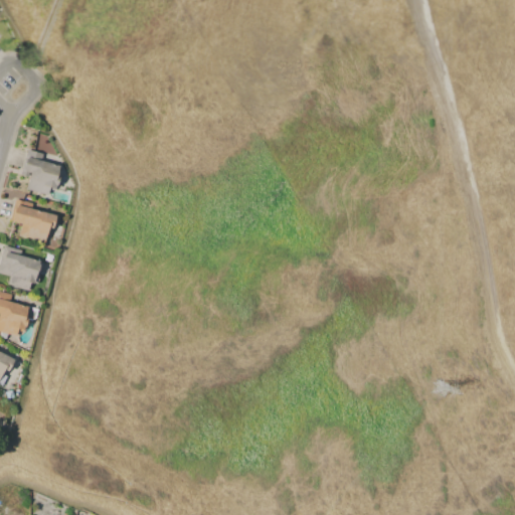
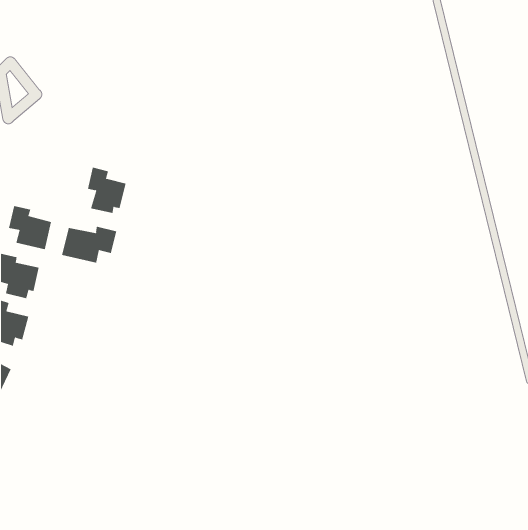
building: [21,149,59,194] -> [87,167,127,214]
building: none -> [61,226,117,264]

